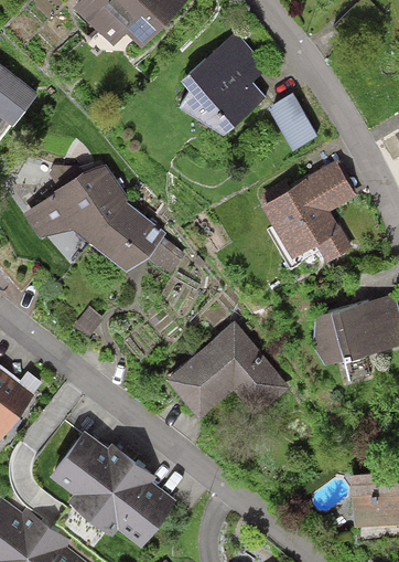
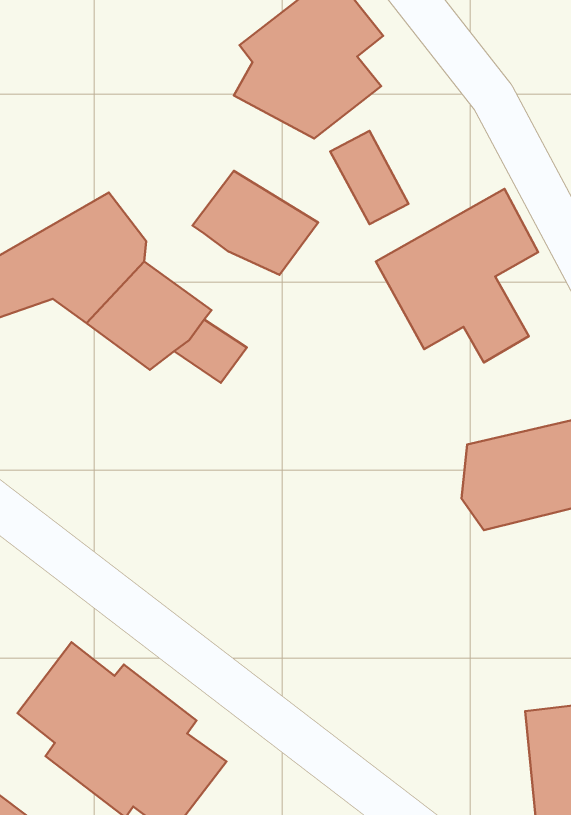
building: [270,93,316,148] -> [330,131,409,224]
building: none -> [193,171,318,275]
building: [165,321,291,417] -> none

